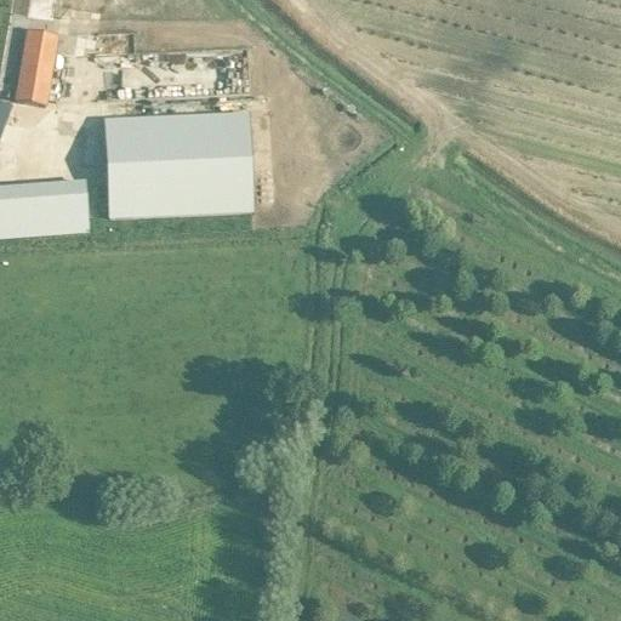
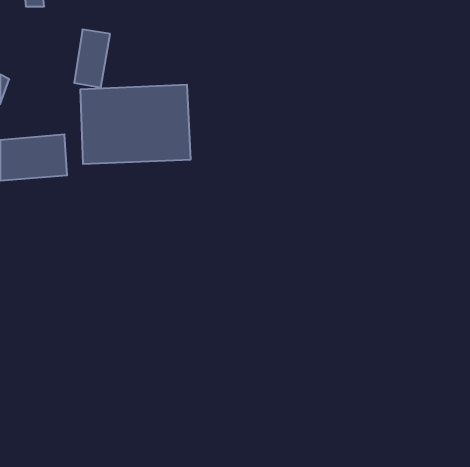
building: [13,28,61,104] -> [74,29,110,87]

